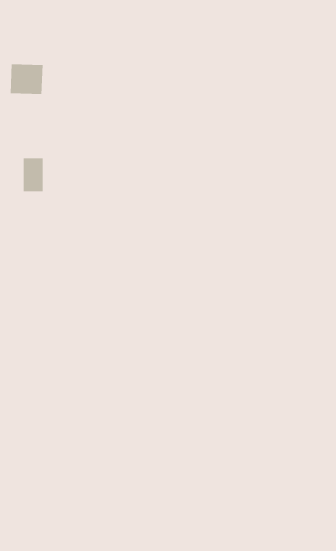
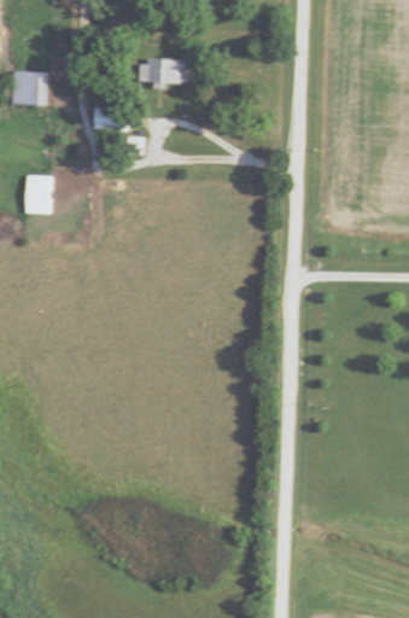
building: none -> [141,59,189,83]

